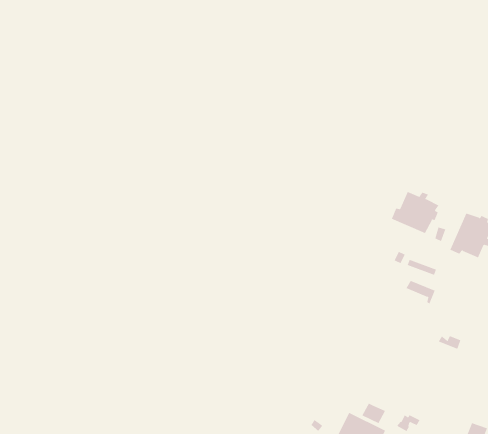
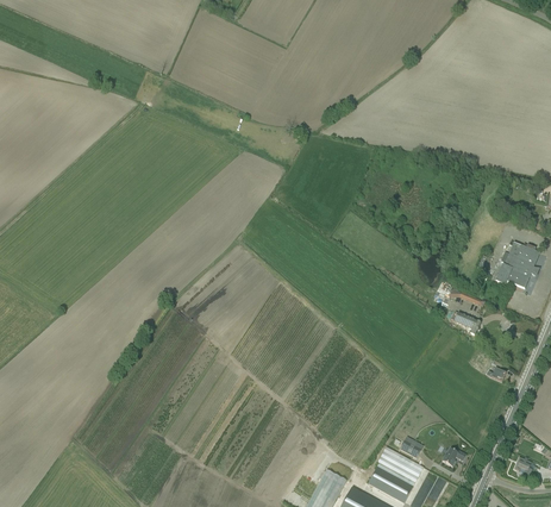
building: [391,191,439,234] -> none

